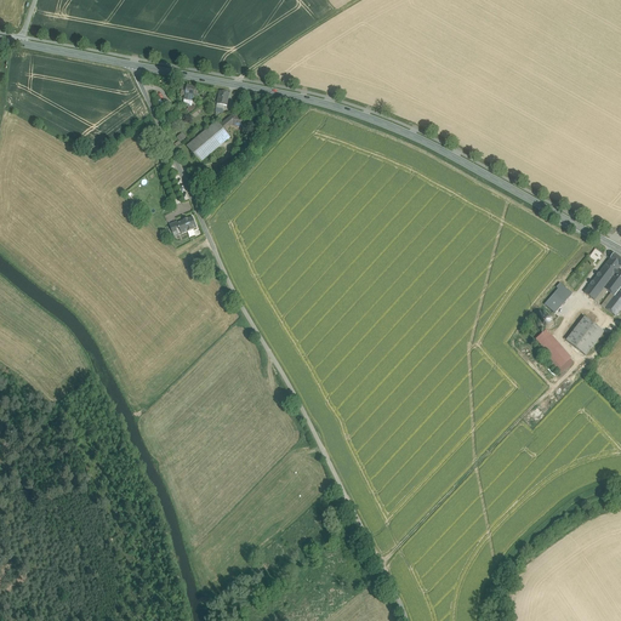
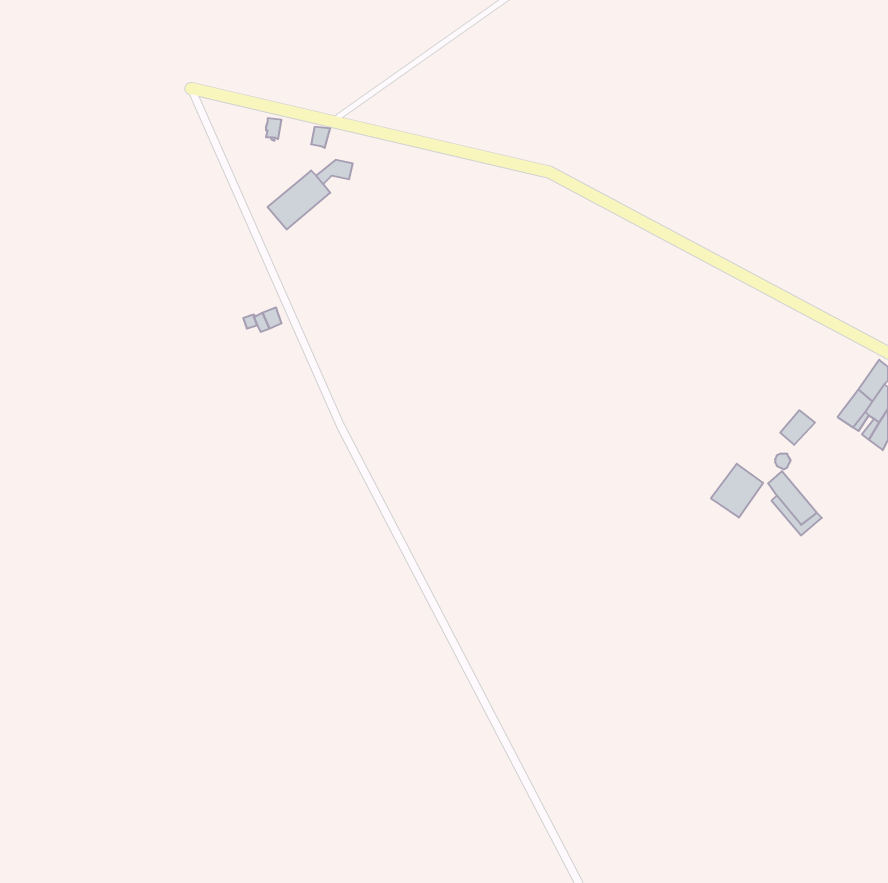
building: [566,315,603,353] -> [711,464,763,518]

